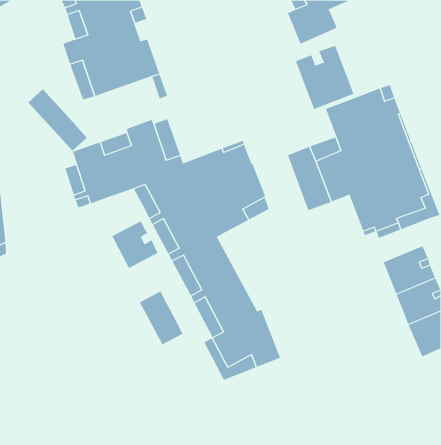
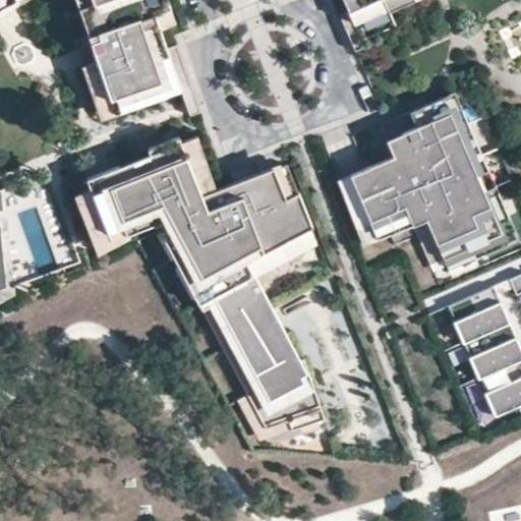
building: [295,45,354,110] -> none
building: [28,88,87,151] -> none
building: [111,220,158,269] -> none
building: [139,291,183,345] -> none

